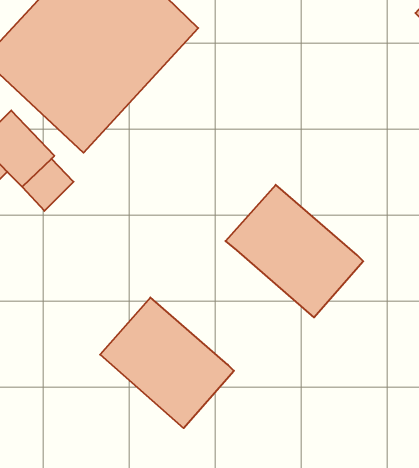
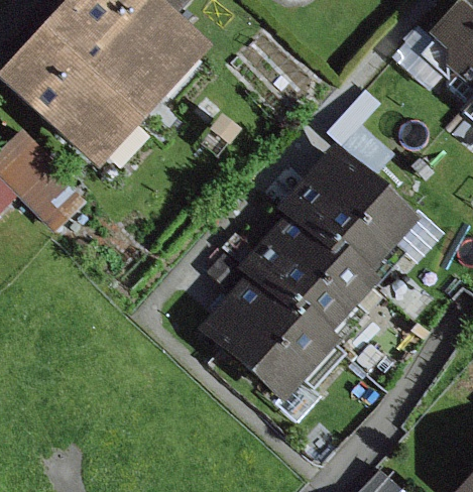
building: none -> [280,141,418,273]
building: [100,297,234,428] -> [200,268,334,399]

